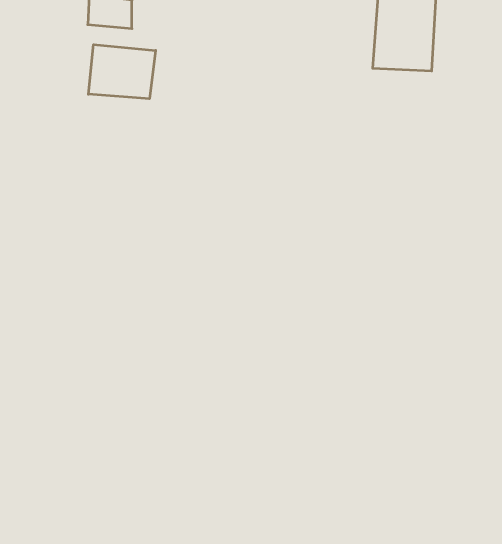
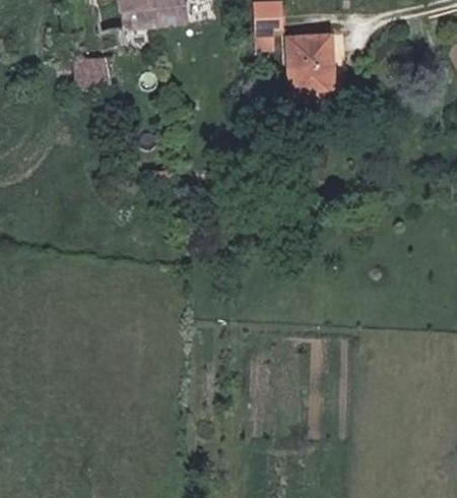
building: [88,45,156,99] -> none

